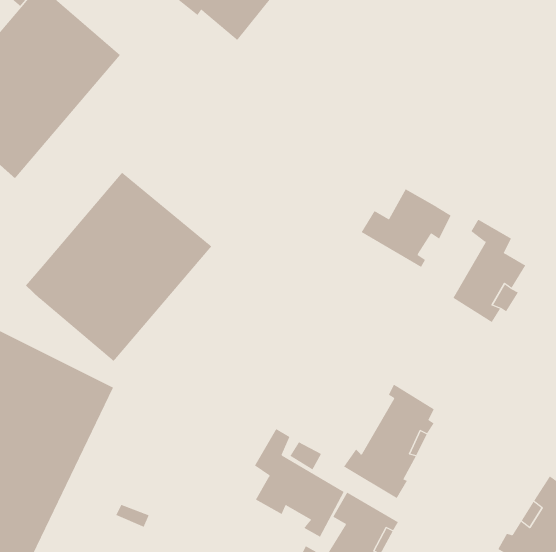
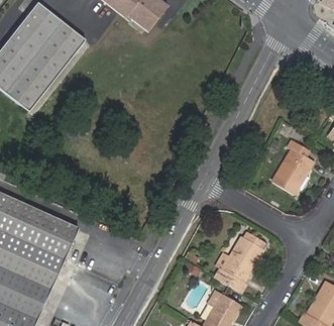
building: [25,172,212,362] -> none
building: [361,189,451,268] -> none
building: [254,428,345,537] -> none

